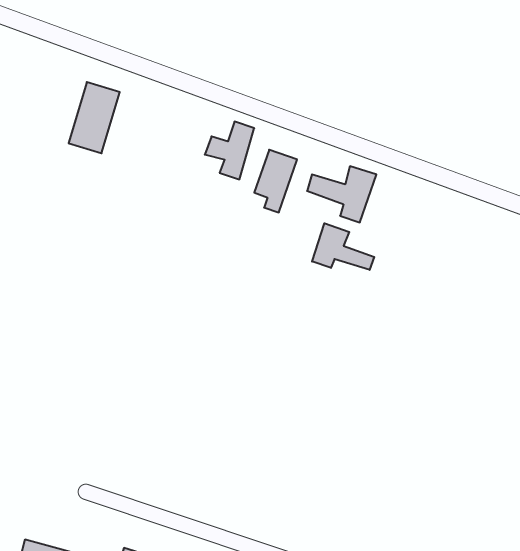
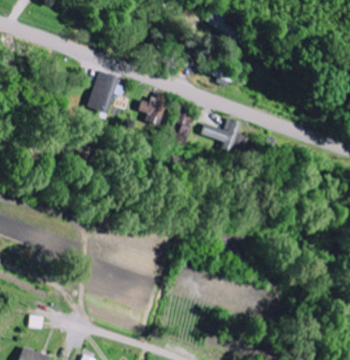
building: [69,82,120,153] -> [84,71,116,115]
building: [312,223,374,270] -> none

